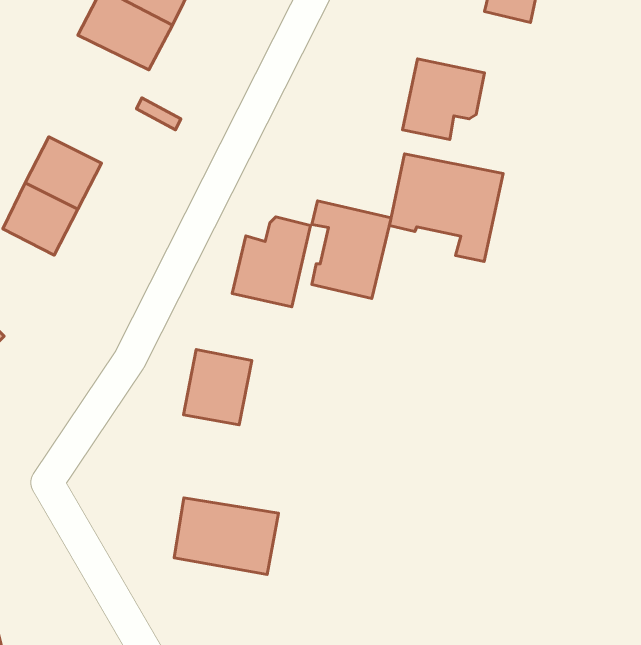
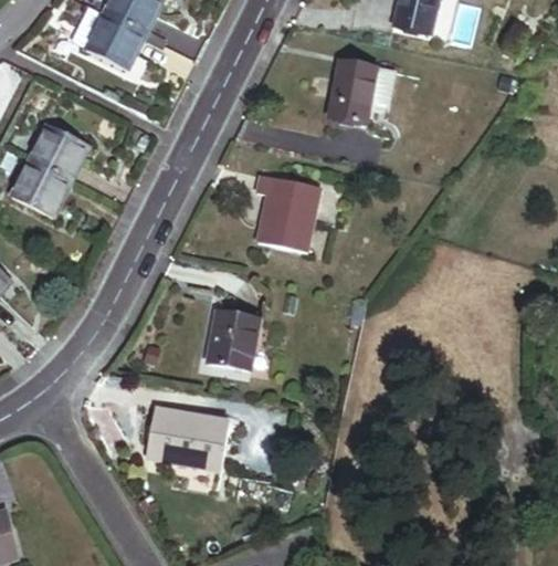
building: [390,154,503,262] -> none
building: [232,217,311,307] -> none
building: [184,349,252,425] -> [206,310,260,369]

